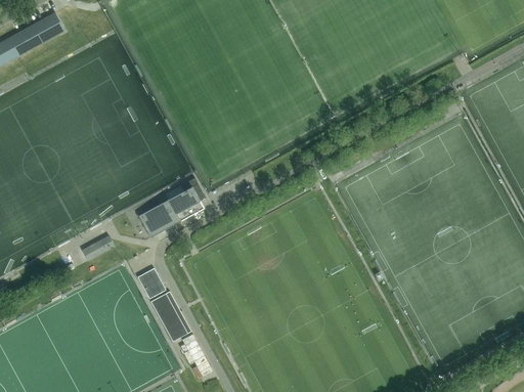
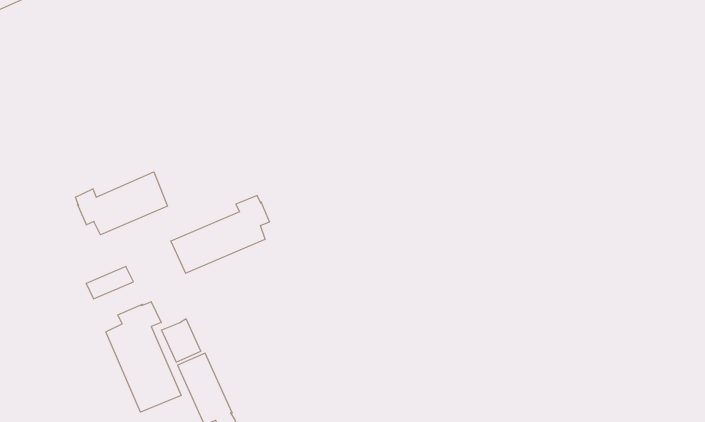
building: none -> [75,172,168,235]
building: none -> [106,302,181,412]

